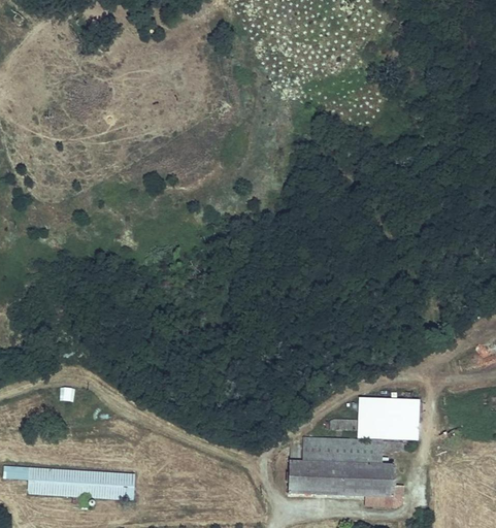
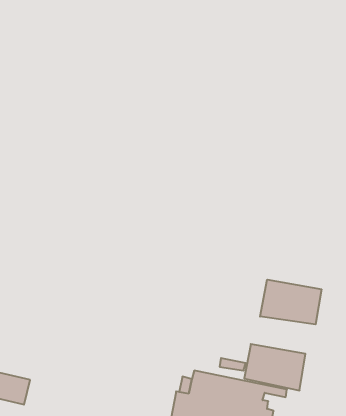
building: none -> [260,280,321,324]

